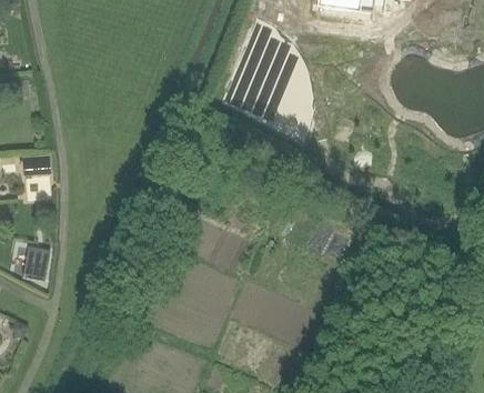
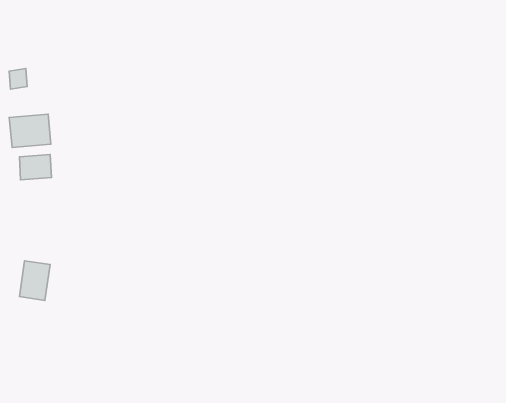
building: none -> [9,114,51,147]

